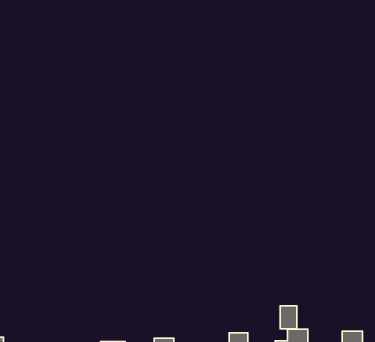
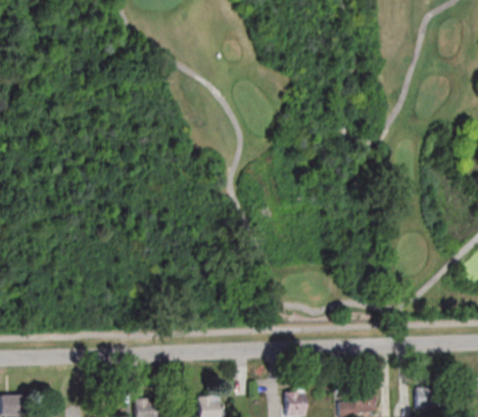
building: [280,306,297,329] -> none

